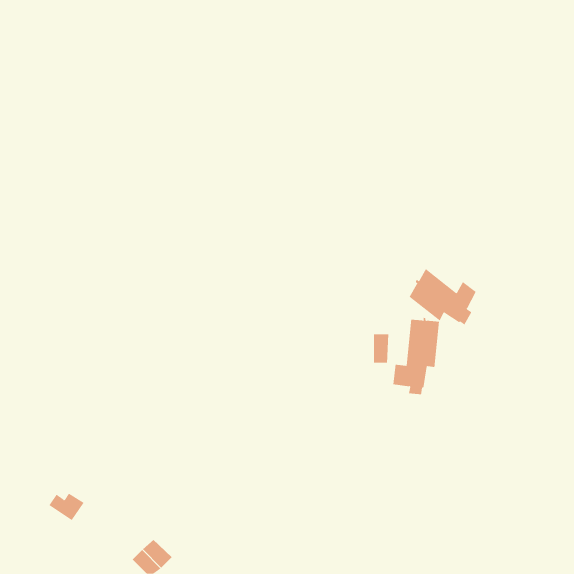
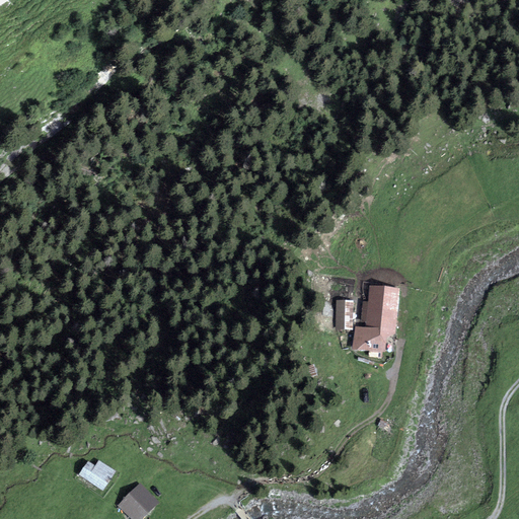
building: [409,268,477,325] -> none
building: [48,493,84,521] -> [79,461,112,487]

